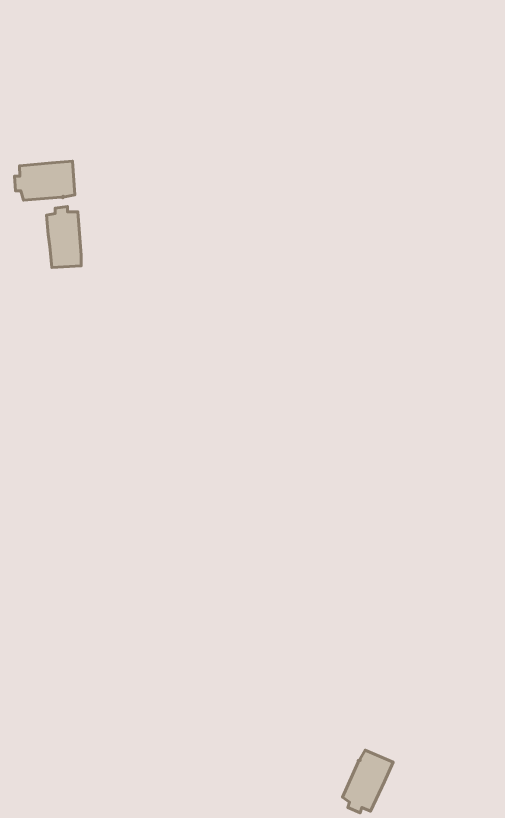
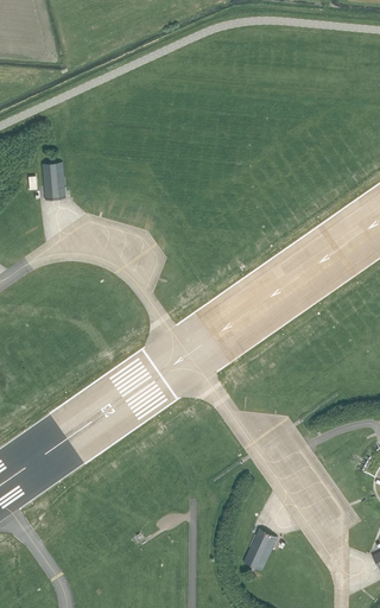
building: [14,161,75,200] -> none

